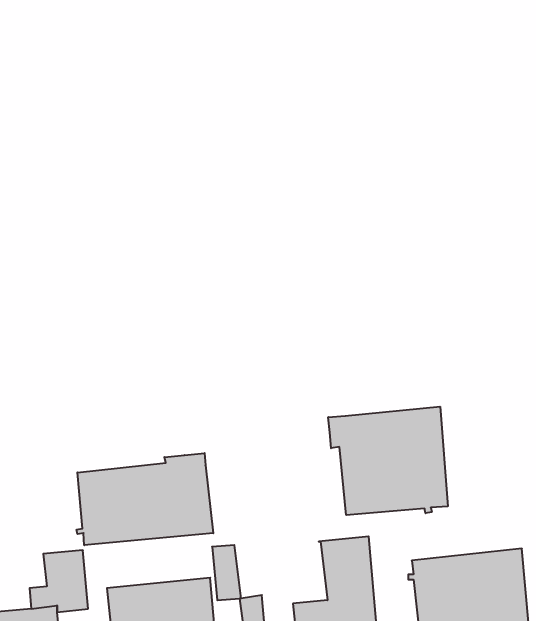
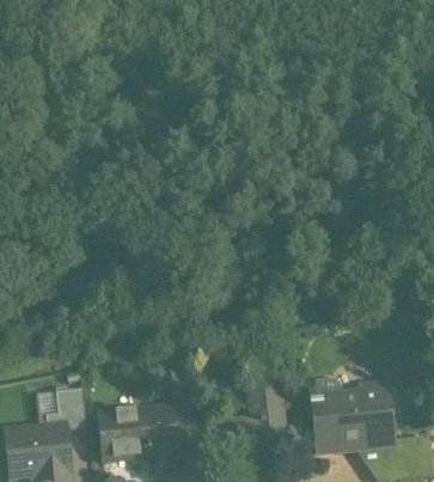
building: [328,407,448,515] -> none
building: [77,453,213,545] -> none

